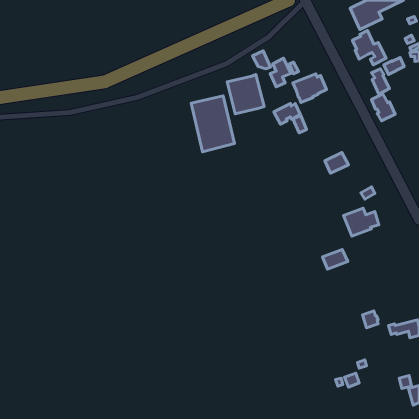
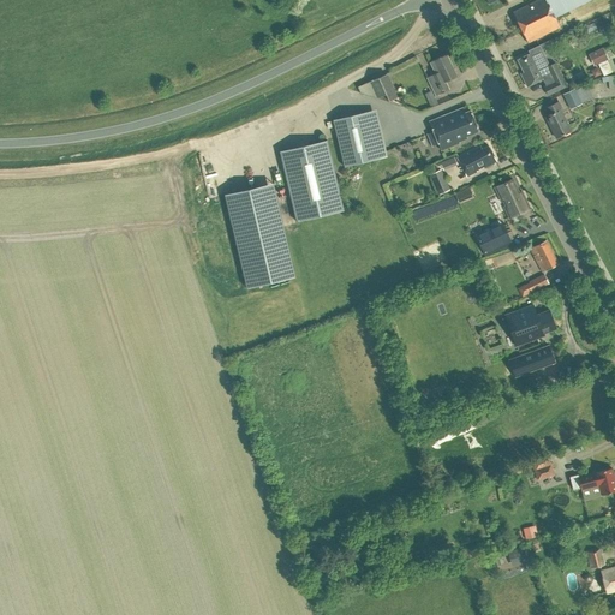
building: [270,58,291,87] -> [426,54,456,96]
building: [372,94,395,121] -> [495,179,530,219]
building: [274,104,300,124] -> [456,145,495,175]
building: none -> [228,186,299,292]
building: none -> [530,240,559,273]
building: [322,249,348,269] -> [518,344,555,372]

